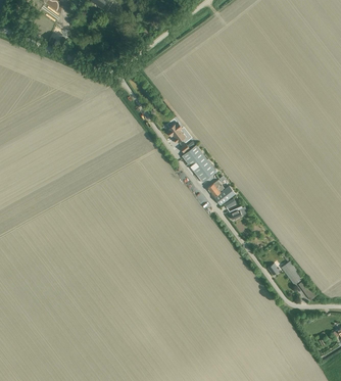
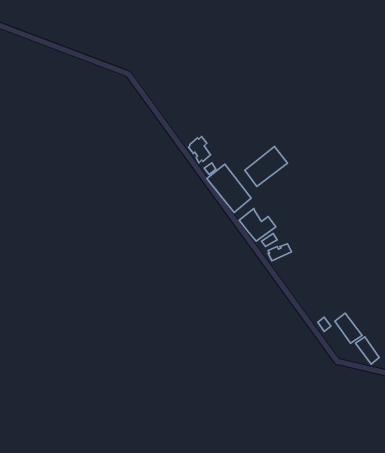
building: none -> [245,146,287,186]

